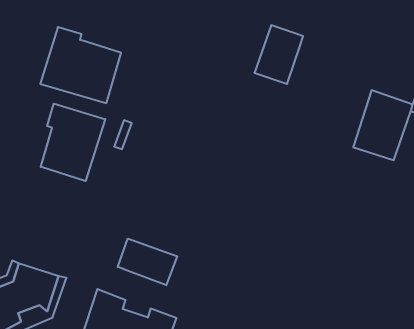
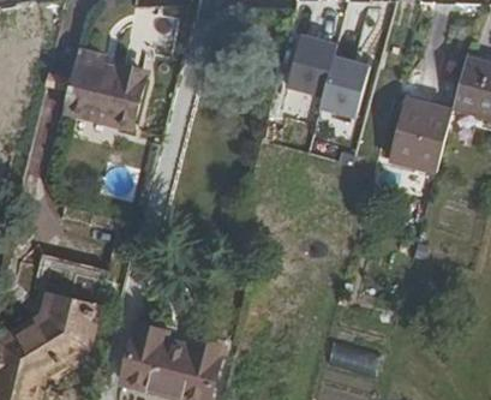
building: none -> [316,55,367,119]
building: [41,104,105,181] -> none
building: [118,239,177,285] -> none

